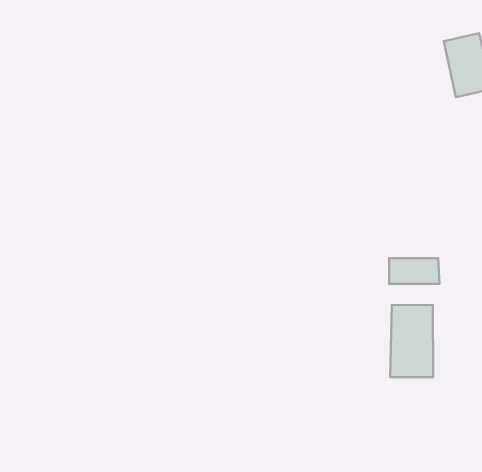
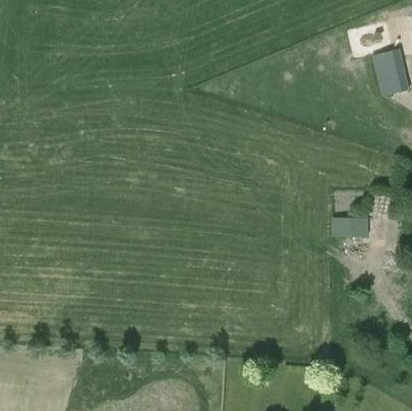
building: [390,305,433,377] -> none

